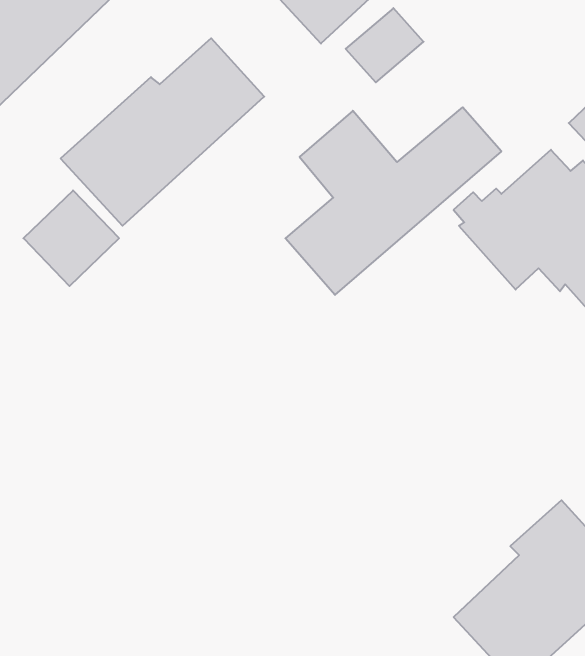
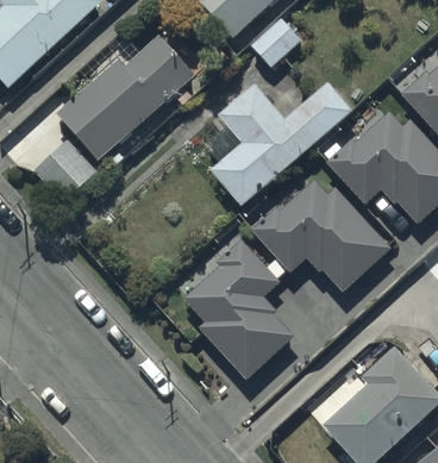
building: none -> [252,179,393,292]
building: none -> [183,234,293,377]

